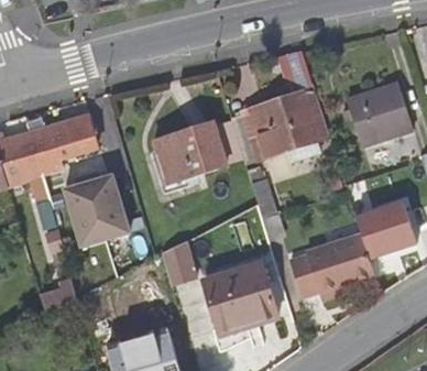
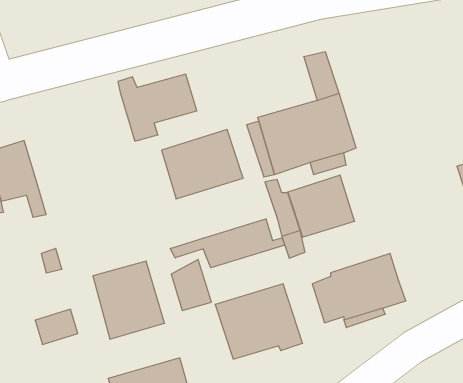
building: [346,81,414,146] -> none
building: [26,114,98,175] -> [118,74,197,141]
building: [64,177,129,248] -> [93,261,165,339]
building: [354,201,415,258] -> [288,175,355,237]
building: none -> [170,219,285,268]

